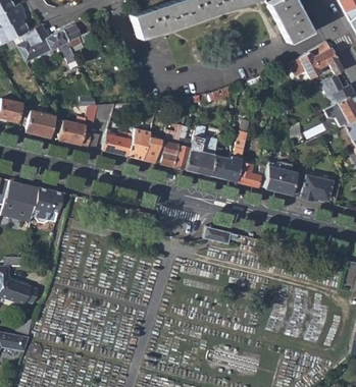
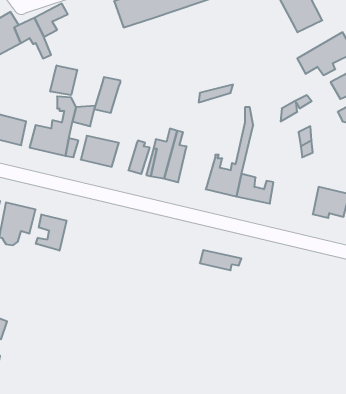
building: none -> [50,65,77,95]
building: [187,126,219,176] -> none
building: [130,129,152,160] -> [94,77,120,113]
building: [265,161,298,196] -> none
building: none -> [36,214,67,251]

